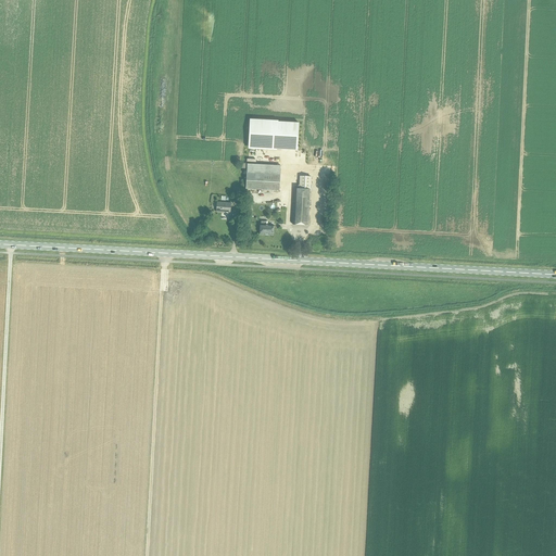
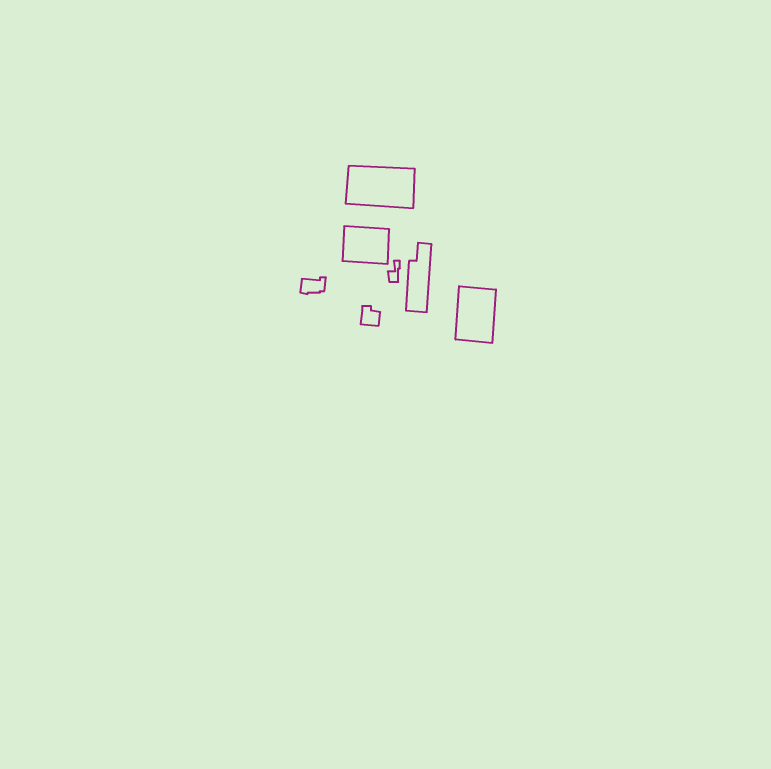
building: none -> [456,286,496,343]

